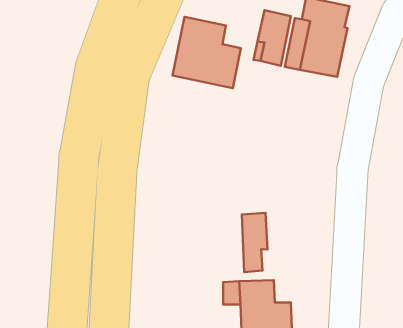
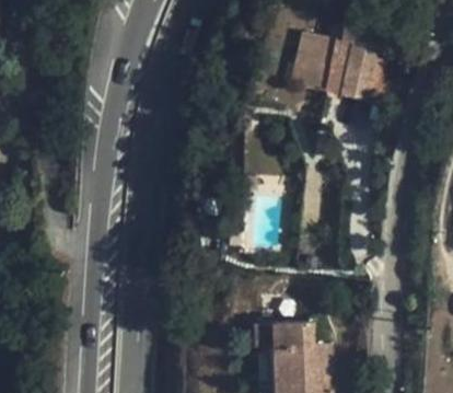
building: [173,17,241,88] -> none
building: [242,213,268,272] -> none

